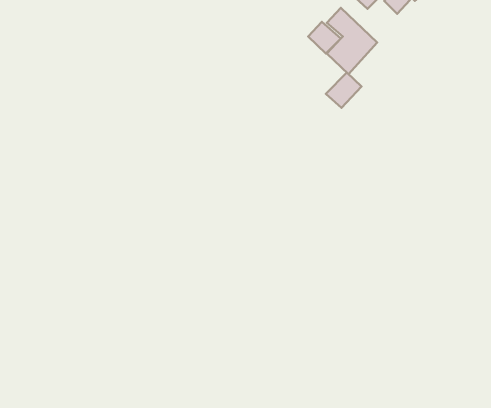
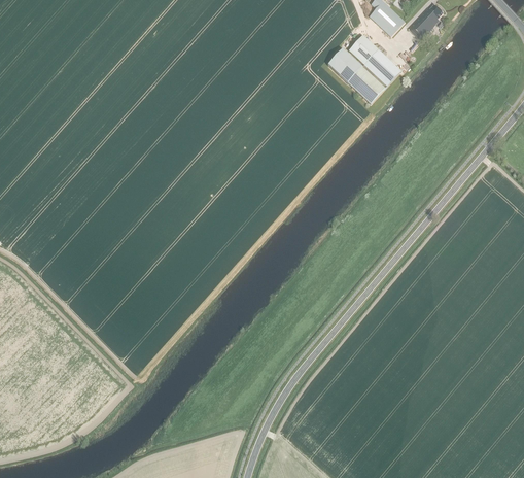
building: [326,72,362,108] -> none

